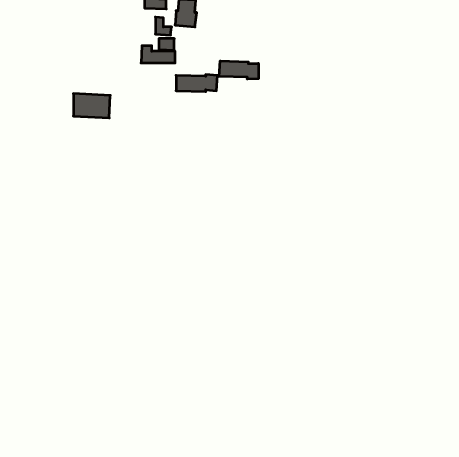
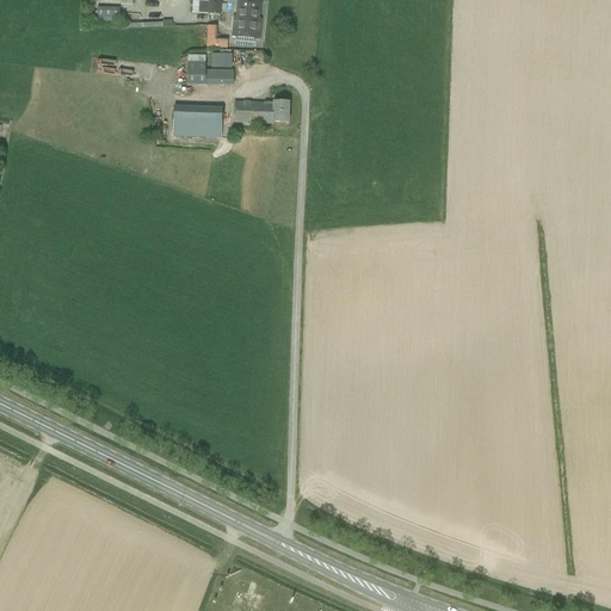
building: [219,61,258,79] -> none
building: [73,94,110,118] -> [173,104,222,136]

